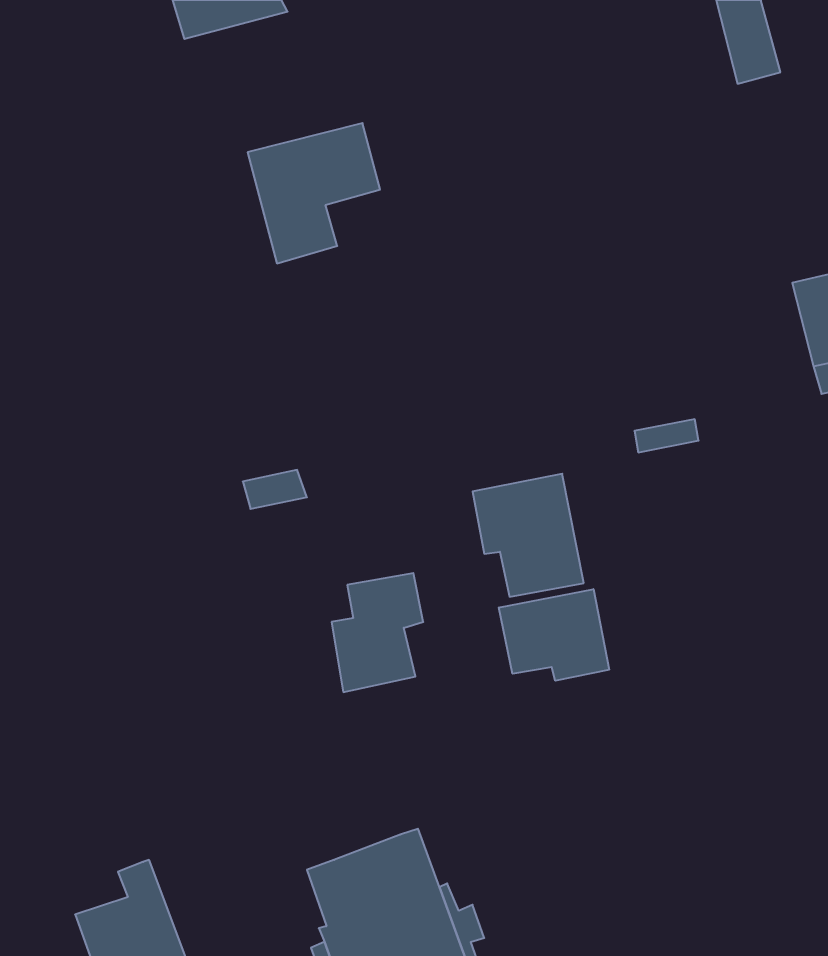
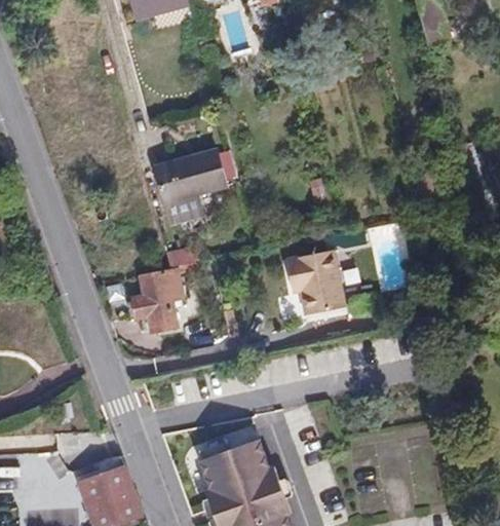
building: [248,123,380,263] -> [156,151,226,225]
building: [332,573,423,692] -> [133,272,182,335]
building: [499,589,609,681] -> none

